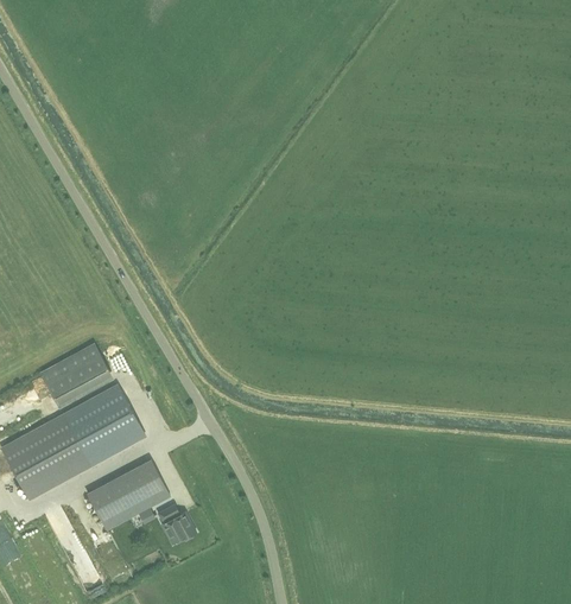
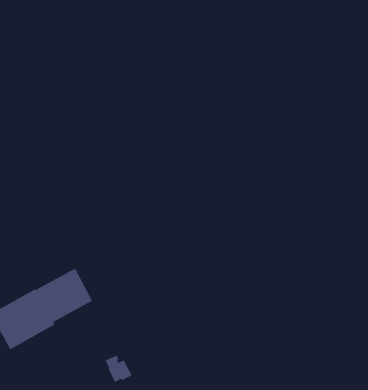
building: [40,343,109,399] -> none
building: [87,460,169,529] -> none

